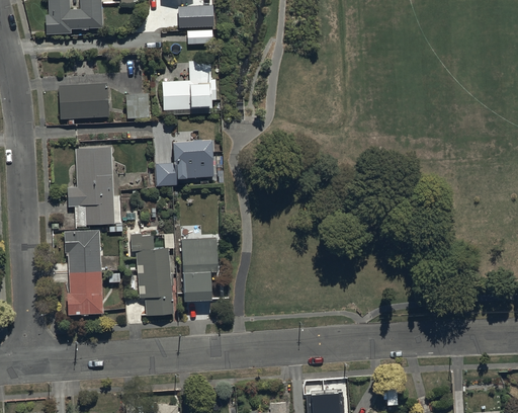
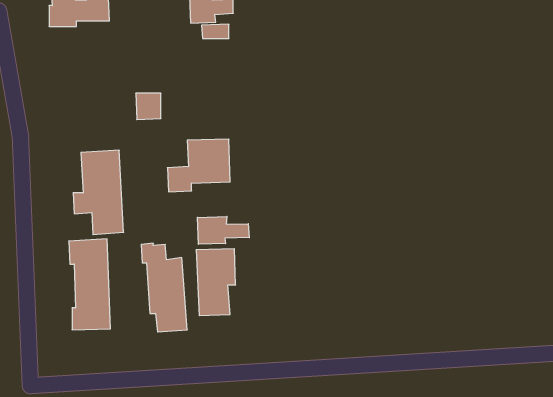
building: [162,61,215,110] -> none
building: [58,84,109,119] -> none
building: none -> [197,216,249,244]

